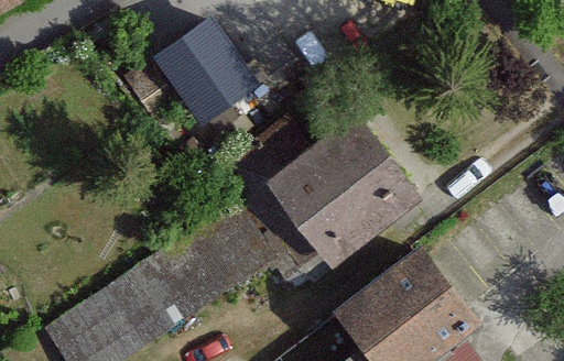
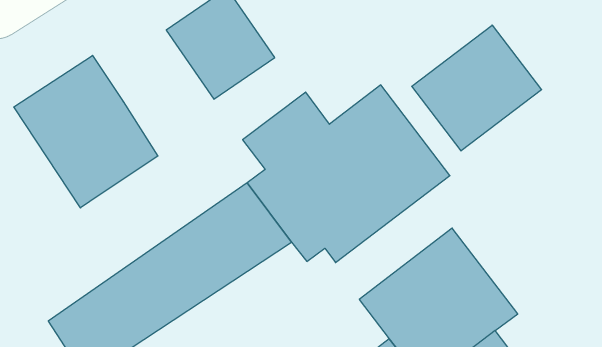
building: none -> [412,25,542,151]
building: none -> [14,55,158,208]

